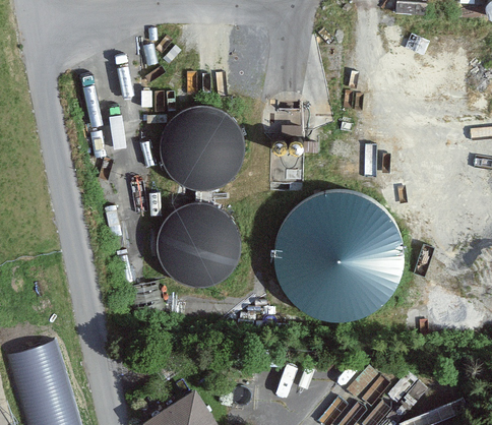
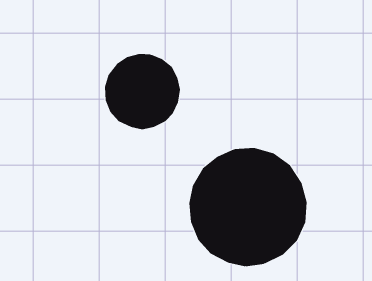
building: [157,204,241,289] -> none

